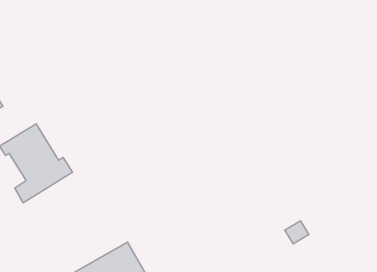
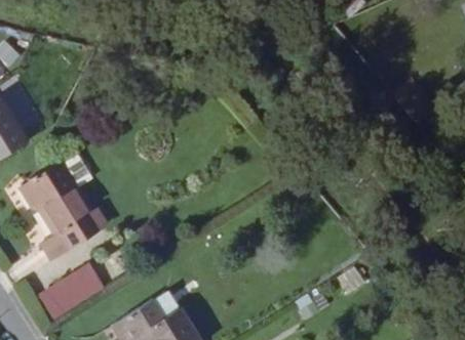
building: none -> [38,262,101,312]

